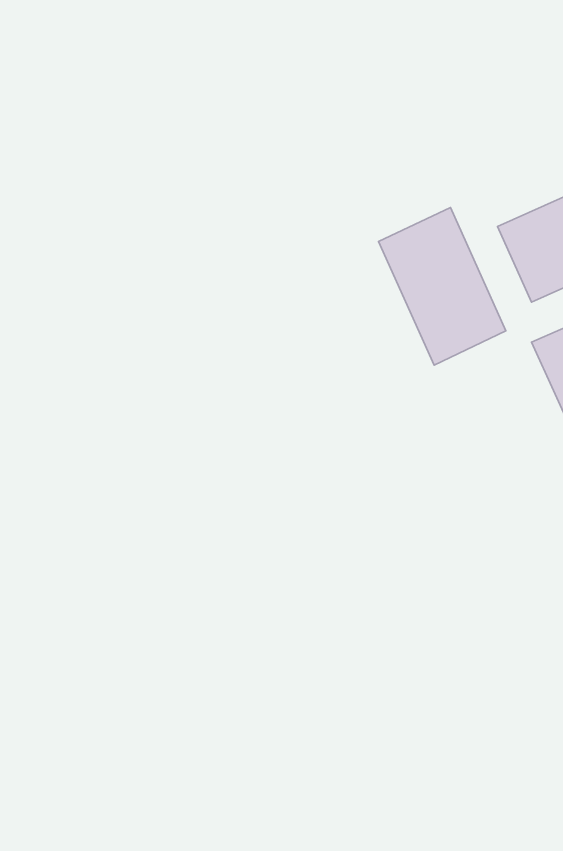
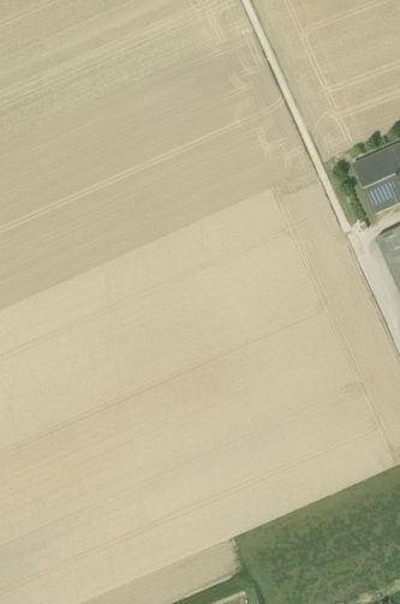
building: [379,207,506,365] -> none

